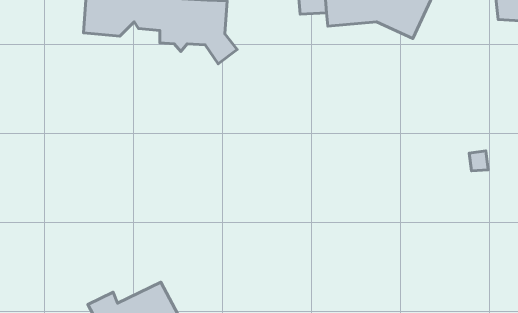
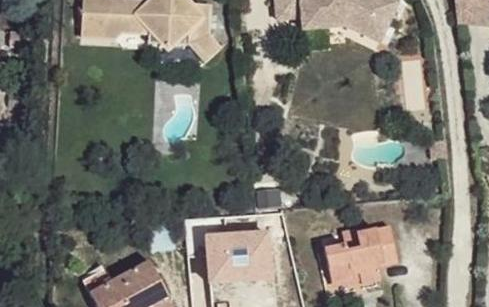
building: none -> [325,225,398,282]
building: none -> [207,229,271,279]

